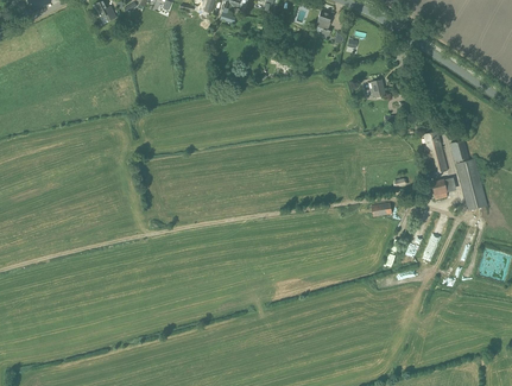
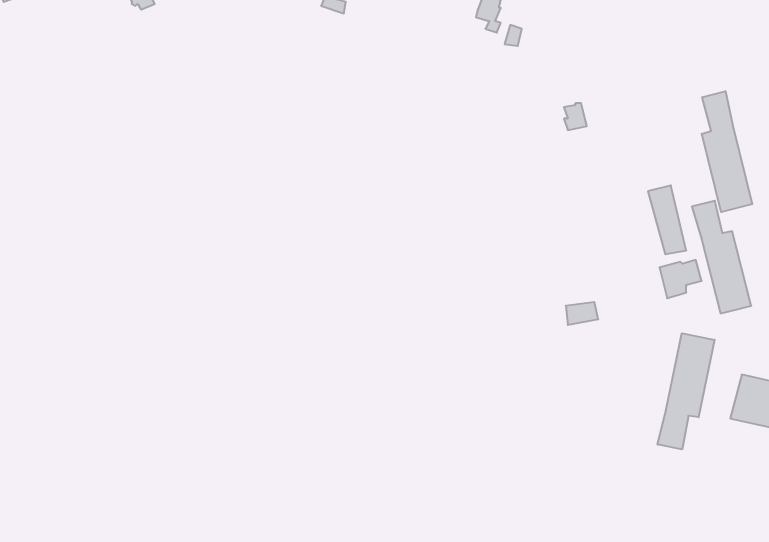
building: none -> [702,91,752,212]
building: none -> [658,333,715,449]

